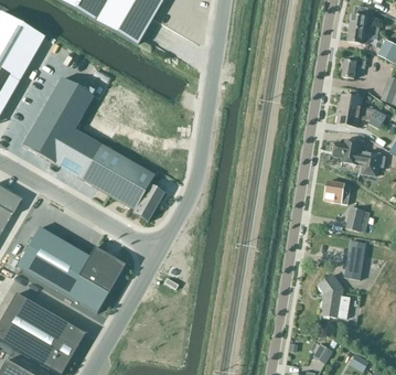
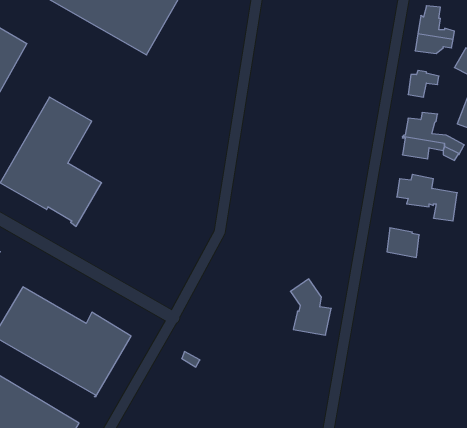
building: [82,144,164,221] -> none
building: [345,205,370,231] -> none
building: [345,239,366,278] -> none
building: [319,274,351,318] -> [290,279,331,335]

